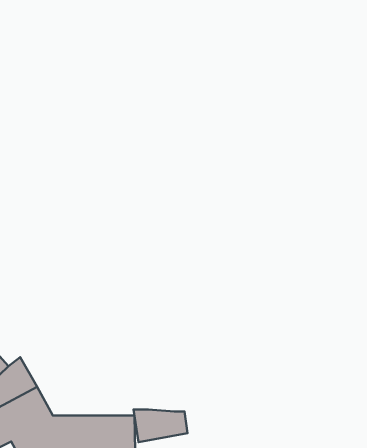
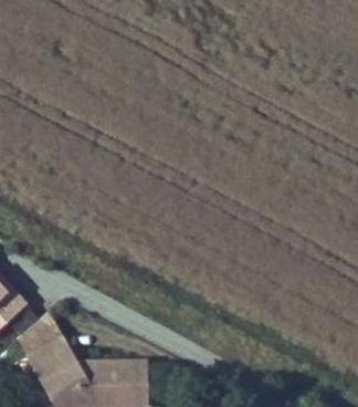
building: [133,409,187,442] -> none

